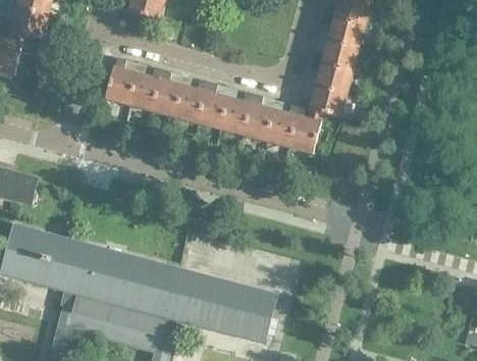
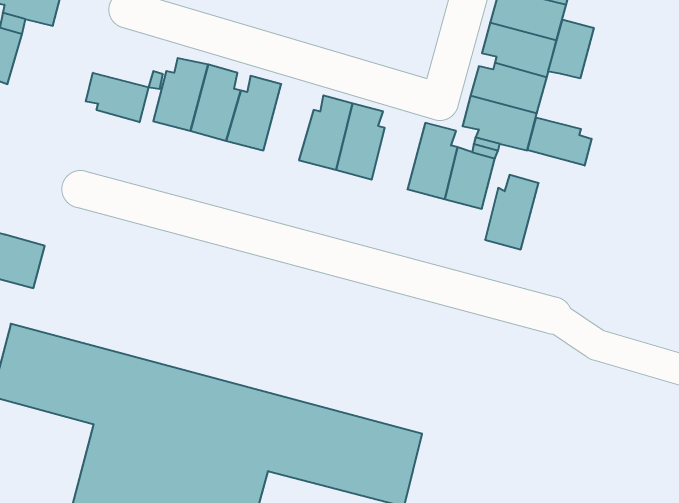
building: none -> [548,19,594,78]
building: none -> [86,73,148,122]
building: [174,74,206,122] -> none
building: [243,94,276,141] -> [485,175,539,249]
building: none -> [527,117,592,166]

